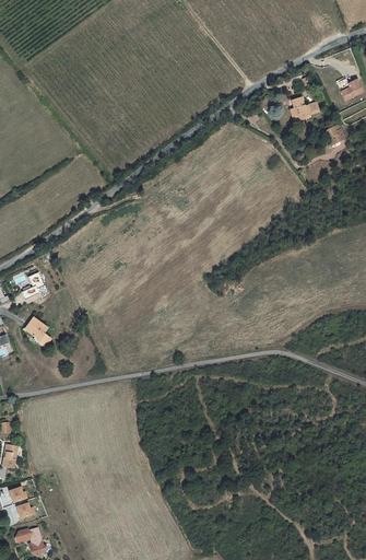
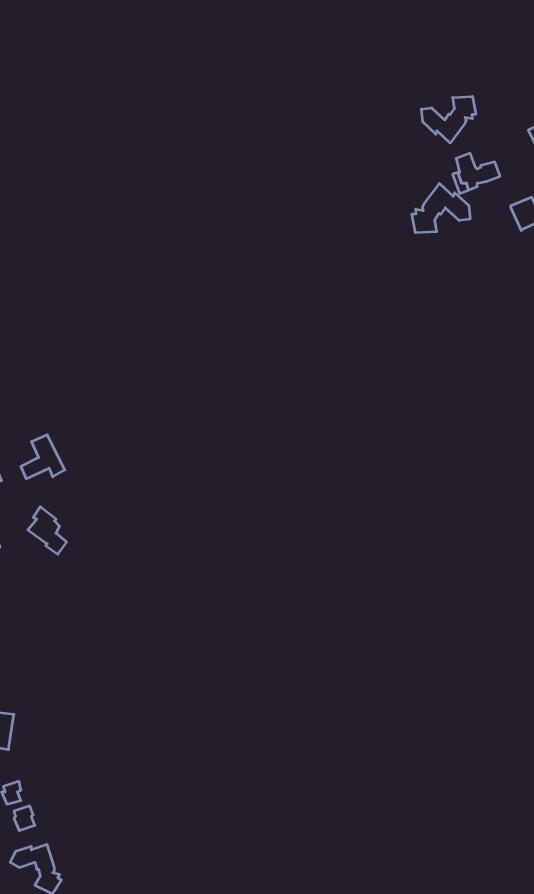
building: none -> [421,96,476,143]
building: none -> [412,183,470,233]

